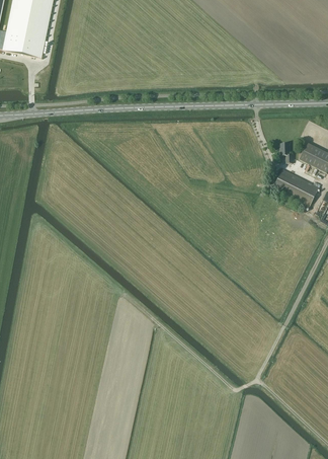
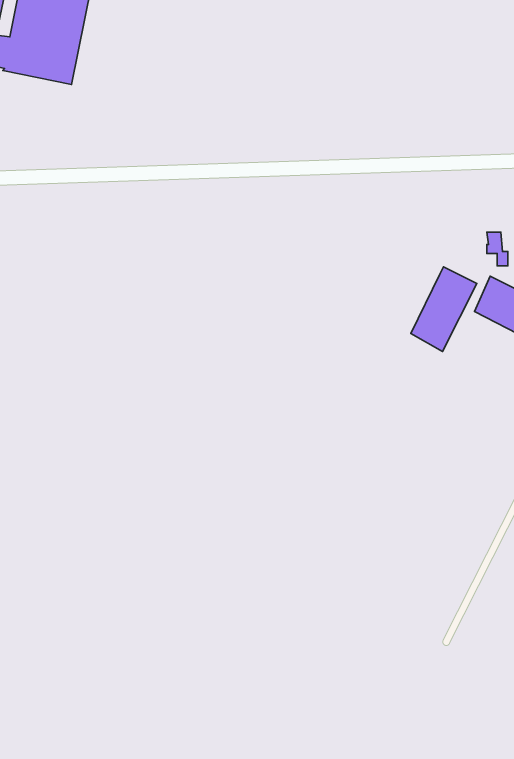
building: none -> [411,267,477,351]

